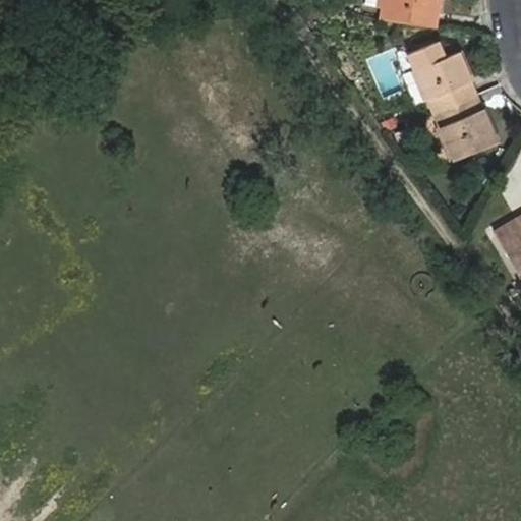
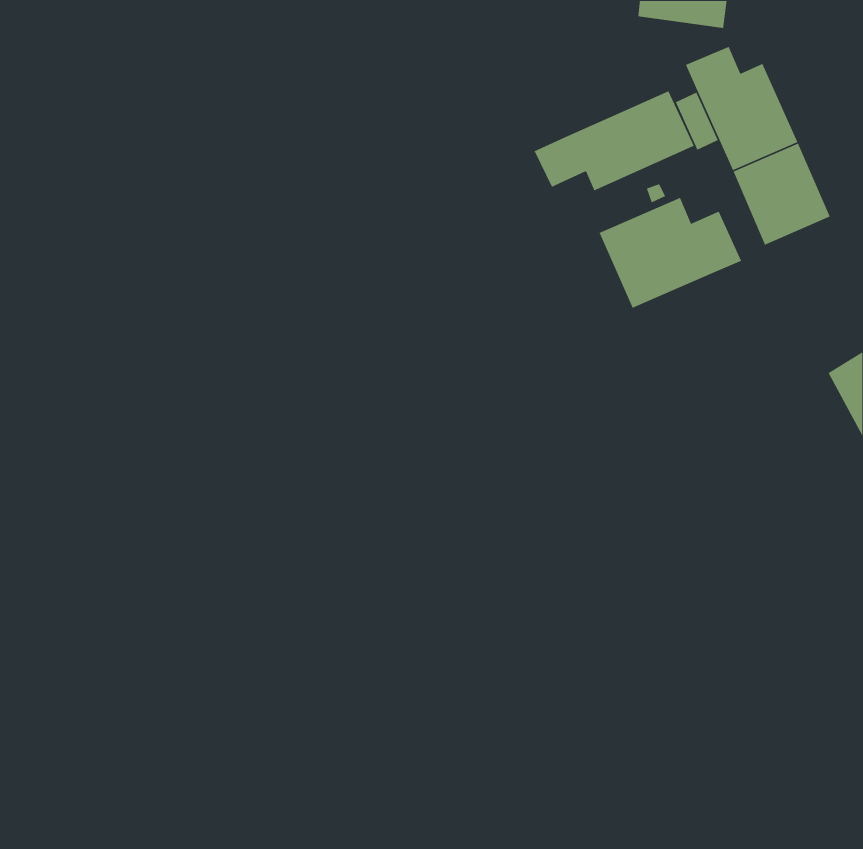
building: none -> [533,90,695,191]
building: none -> [598,197,742,309]

